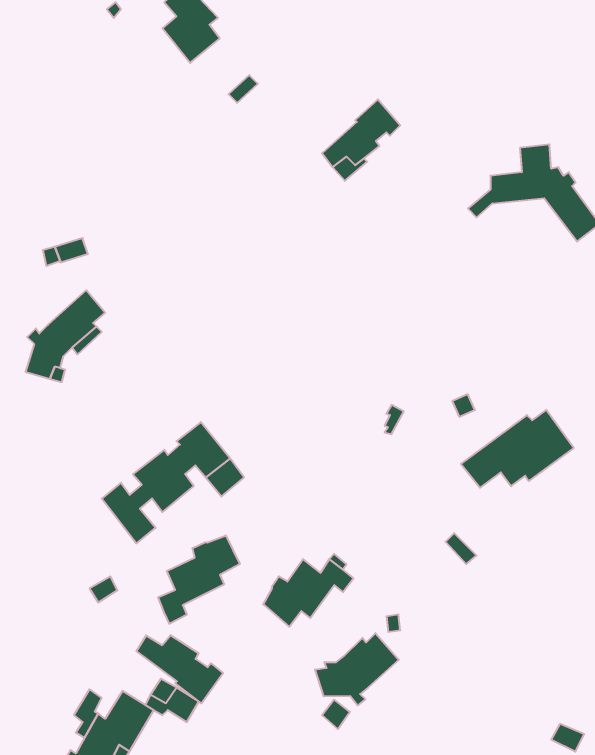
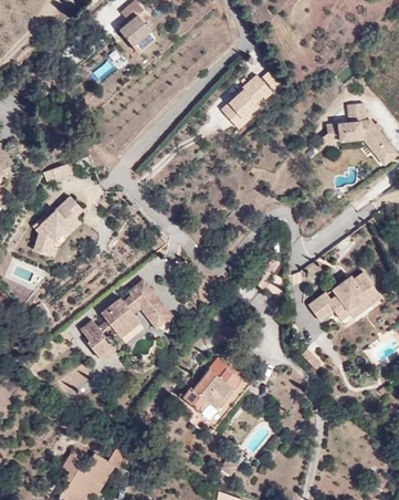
building: [158,535,240,624] -> none
building: [315,633,399,705] -> none
building: [136,635,223,703] -> none

